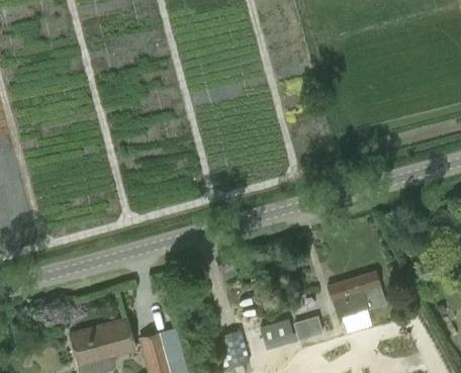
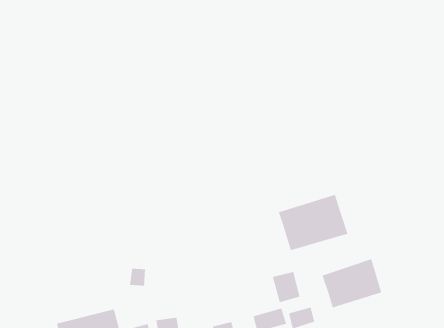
building: none -> [278,194,349,251]
building: none -> [272,271,300,303]

